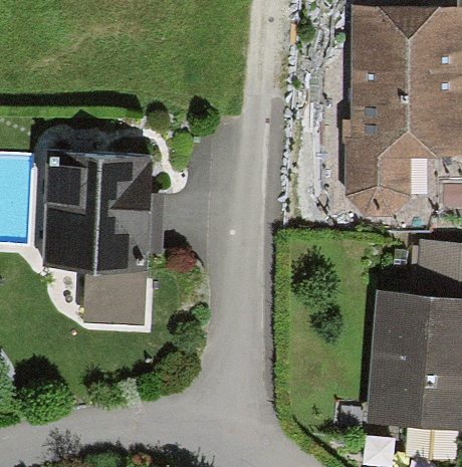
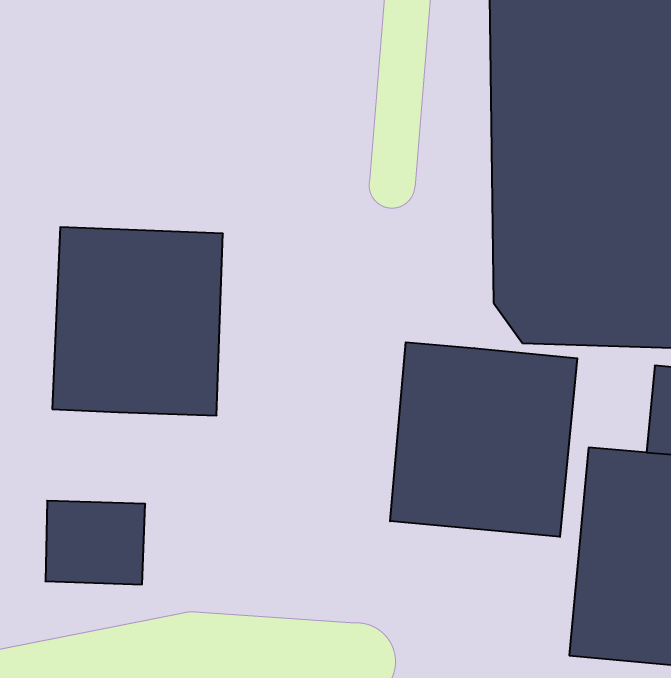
building: none -> [390,342,577,537]
building: [83,269,146,321] -> [45,501,145,584]

